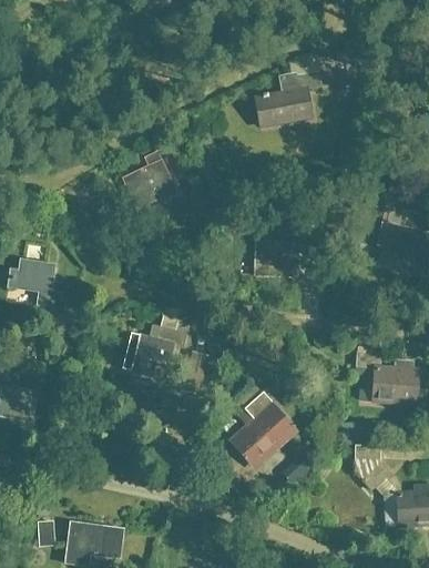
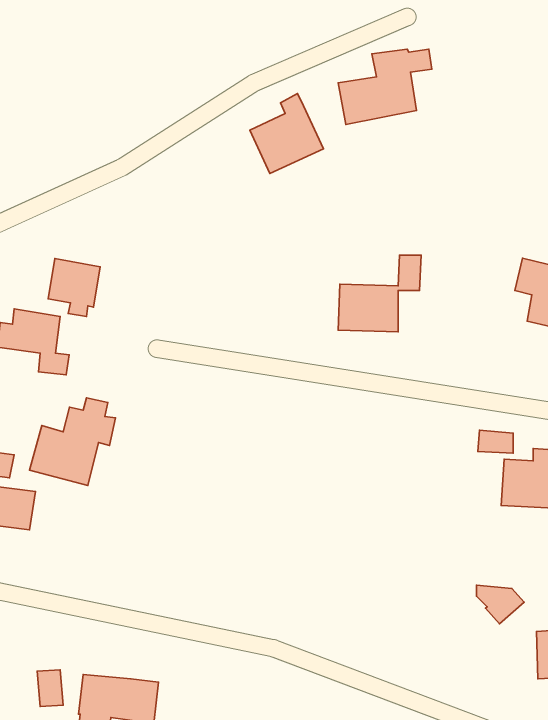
building: [123,152,176,210] -> [250,93,324,173]
building: none -> [48,259,100,317]
building: [123,314,185,377] -> [29,398,116,485]
building: [231,393,286,464] -> none

